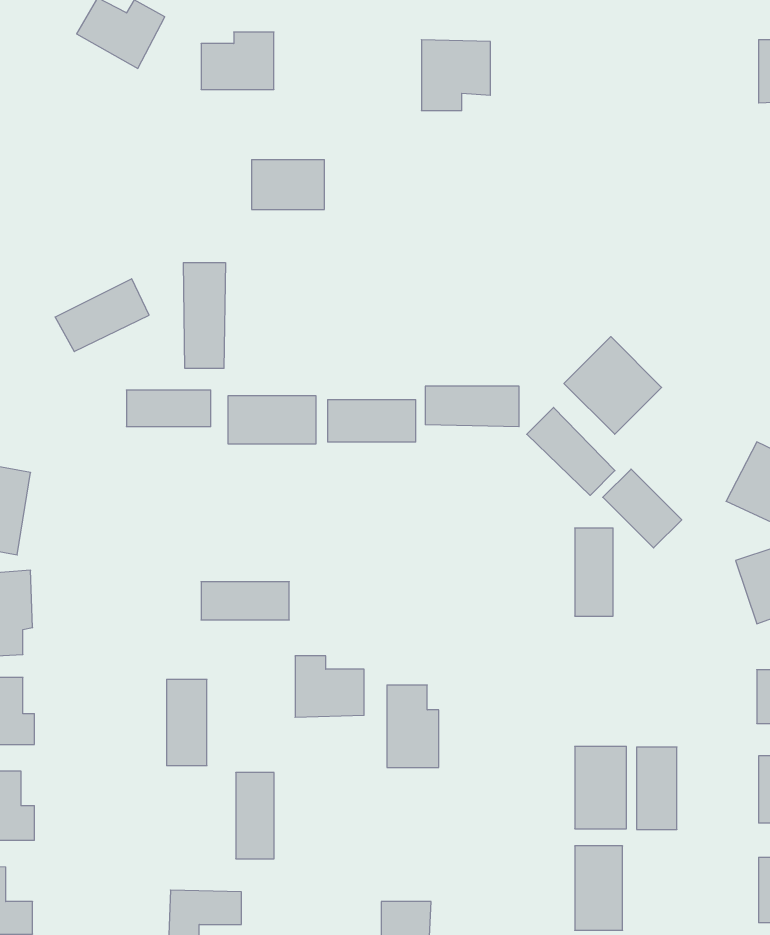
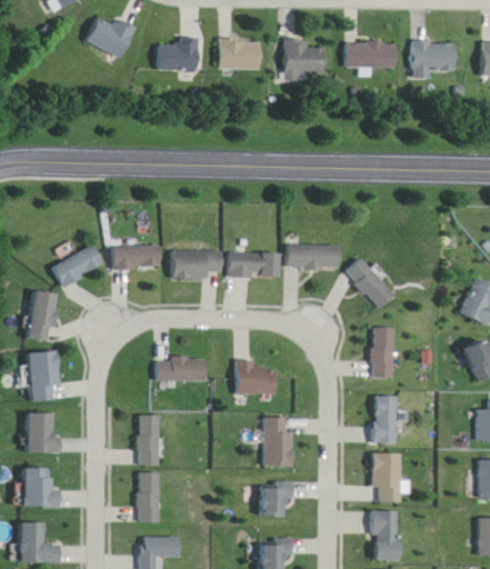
building: none -> [343,43,396,70]
building: none -> [411,43,454,80]
building: [252,160,324,209] -> [218,41,260,70]
building: [183,263,225,368] -> none
building: [55,279,149,352] -> [49,244,103,287]
building: [564,337,662,434] -> none
building: [603,469,682,548] -> none
building: [295,656,364,717] -> [236,359,276,395]
building: [637,747,677,829] -> [374,396,398,443]
building: [236,773,274,859] -> [136,472,158,522]
building: none -> [260,483,293,517]

